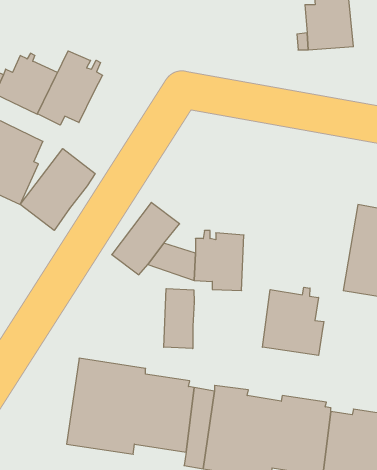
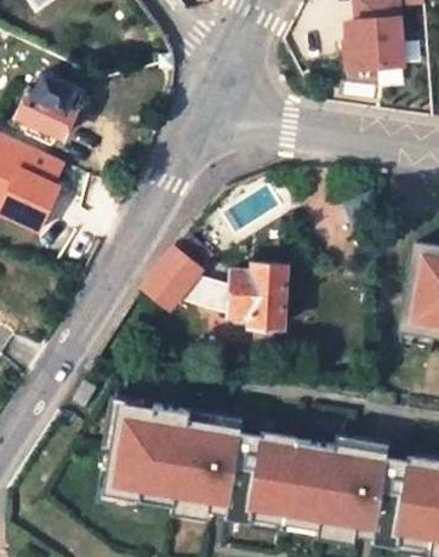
building: [37,51,103,125] -> none
building: [20,149,95,230] -> none
building: [262,287,324,355] -> none
building: [164,289,194,349] -> none

